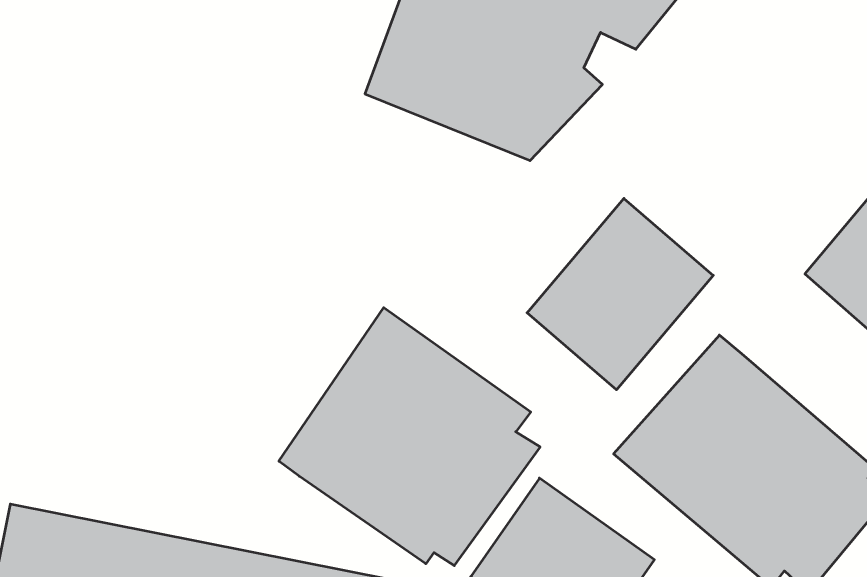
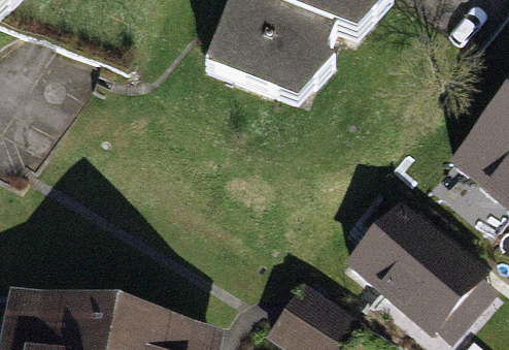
building: [527,198,713,390] -> none
building: [279,308,540,566] -> none

